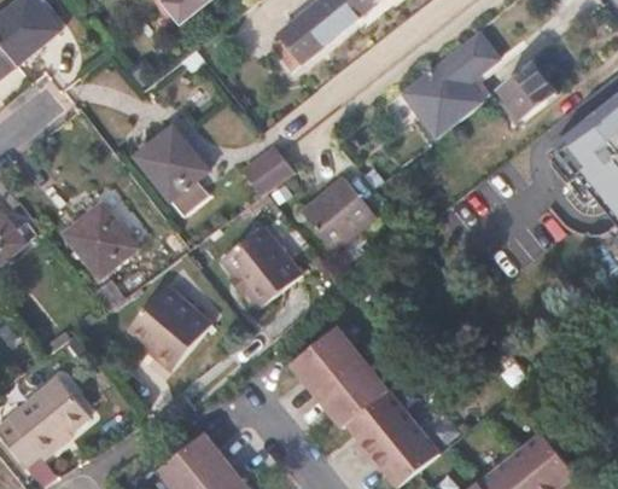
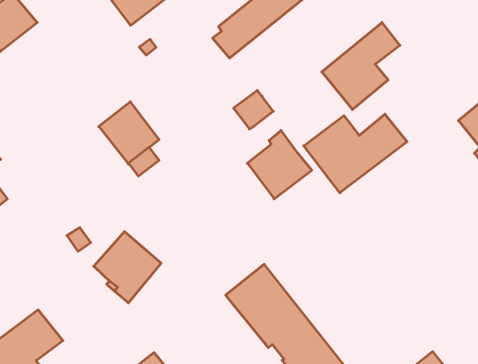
building: [500,62,558,124] -> none
building: none -> [304,114,407,193]
building: [245,147,293,194] -> [234,90,273,129]
building: [65,204,138,280] -> none
building: [220,227,299,304] -> none

